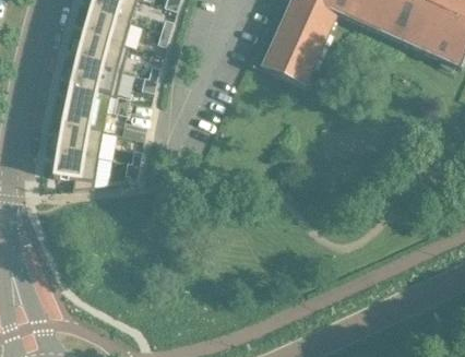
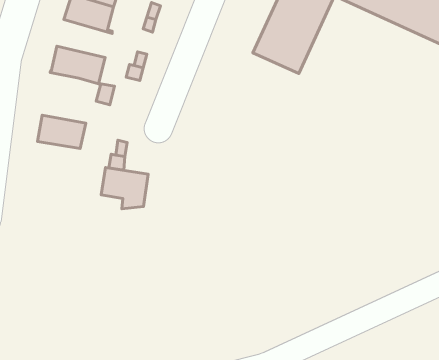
building: [74,33,127,69] -> none
building: [60,83,102,131] -> none
building: [51,148,96,188] -> [101,167,148,209]

